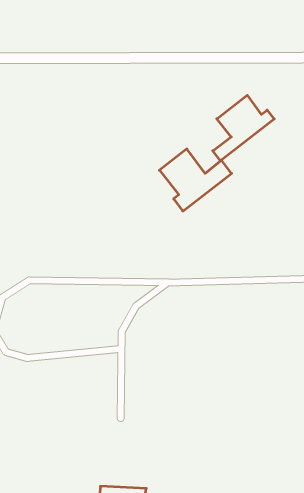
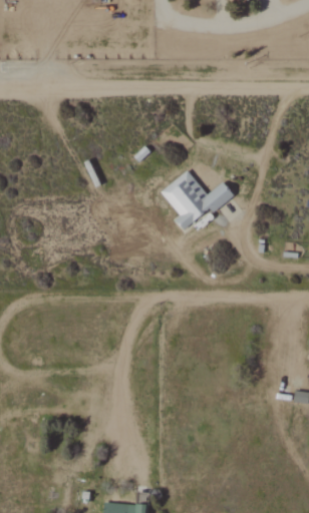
building: [213,95,274,161] -> none

